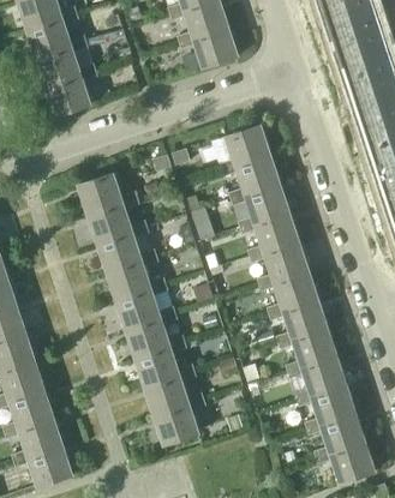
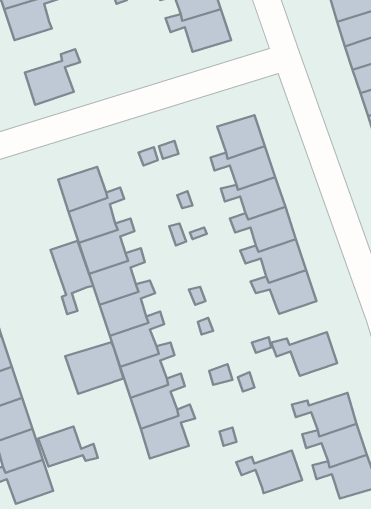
building: [36,34,88,85] -> none
building: none -> [50,241,93,314]
building: [265,298,327,338] -> none
building: none -> [65,342,124,394]
building: [285,355,346,395] -> [236,451,302,493]
building: none -> [38,427,98,466]

